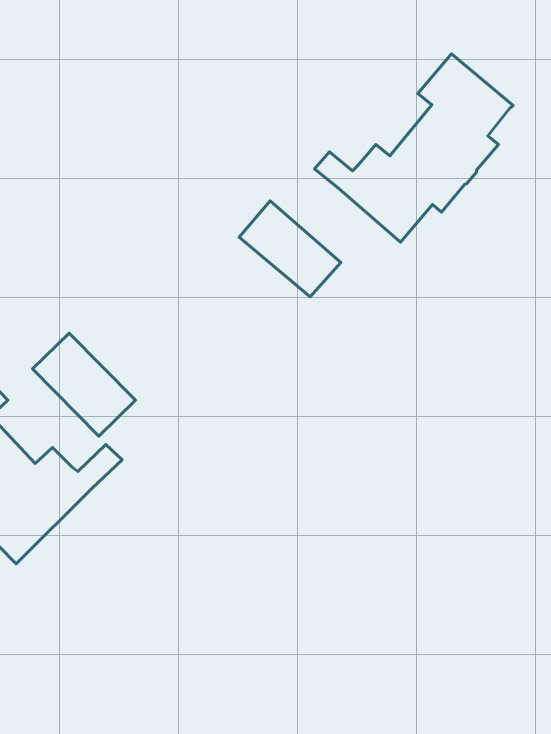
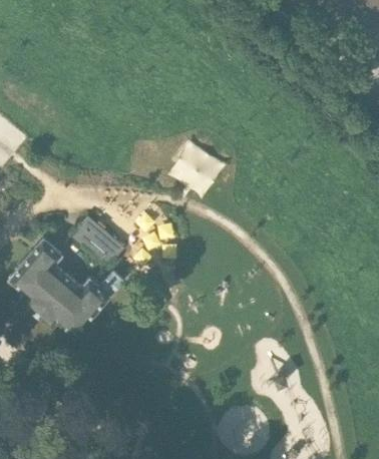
building: [314,54,513,242] -> none

